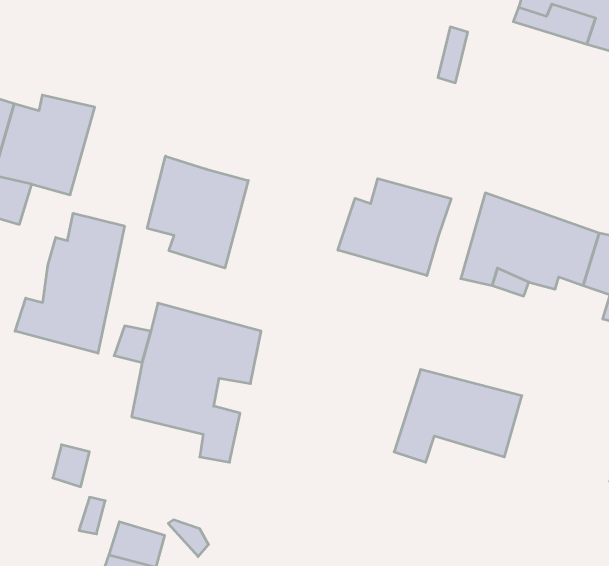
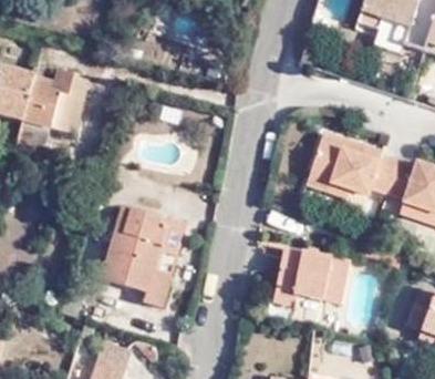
building: [147,156,248,268] -> none
building: [338,179,451,276] -> none
building: [15,213,124,353] -> none

